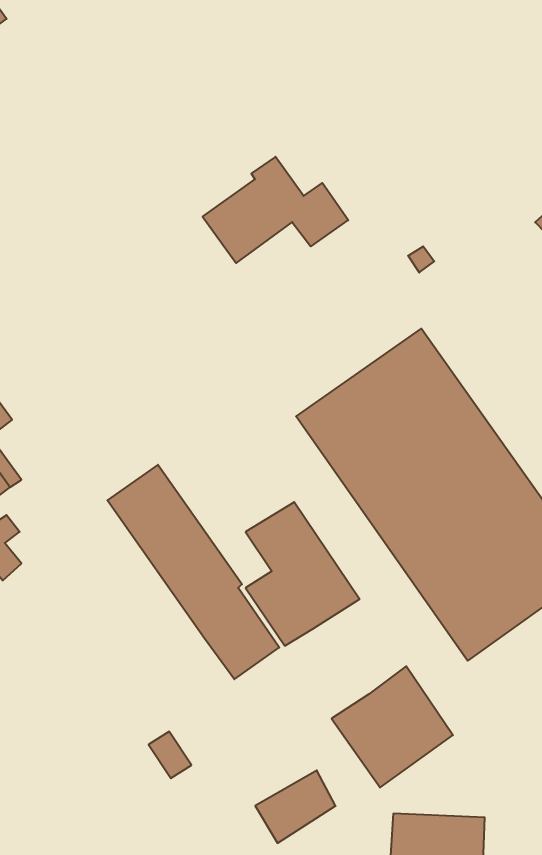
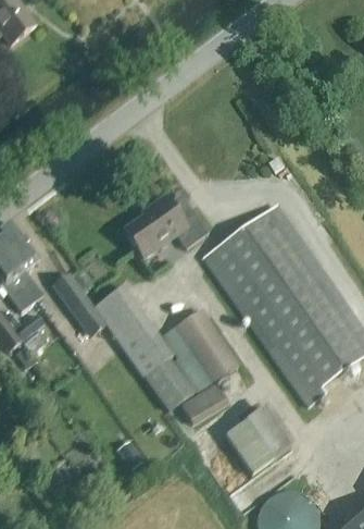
building: [203,157,348,263] -> [123,196,208,258]
building: none -> [53,275,104,335]
building: [255,770,336,843] -> [180,381,227,423]

